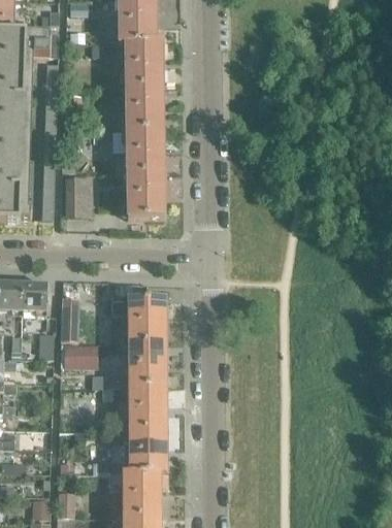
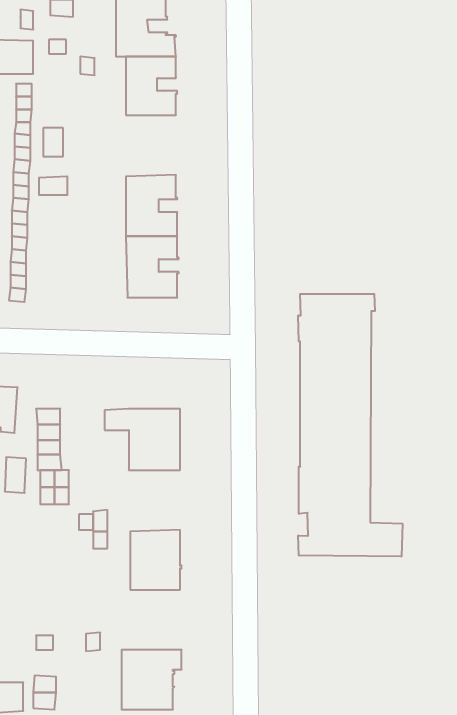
building: [126,87,163,131] -> none
building: [64,178,92,218] -> none
building: none -> [298,294,402,557]
building: [128,343,165,388] -> none
building: [129,430,166,473] -> none

